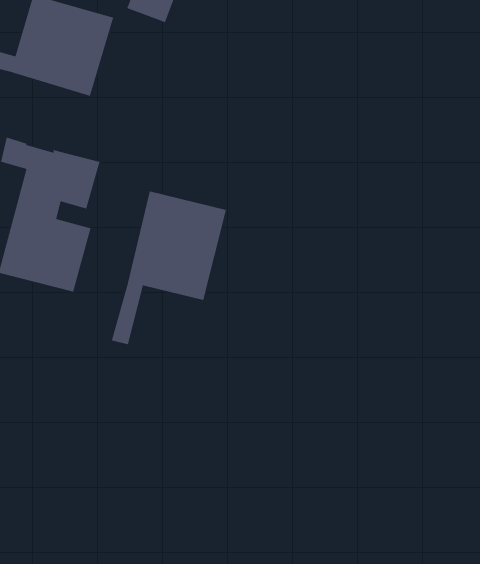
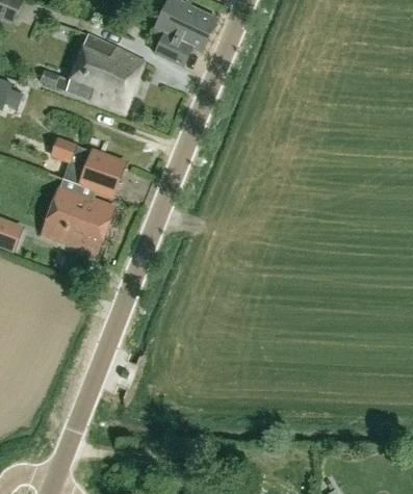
building: [111,191,227,345] -> none

